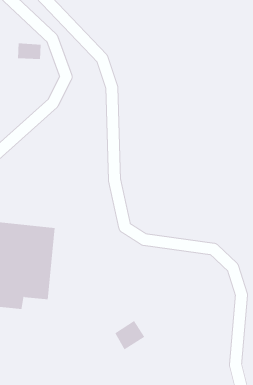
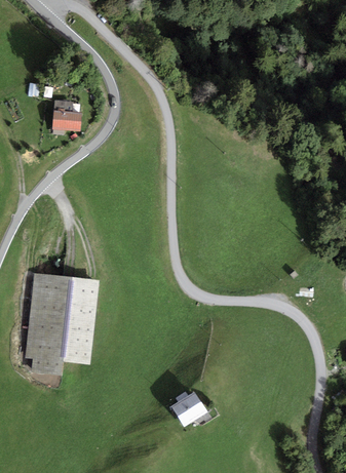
building: [17,43,42,59] -> [51,107,80,126]

